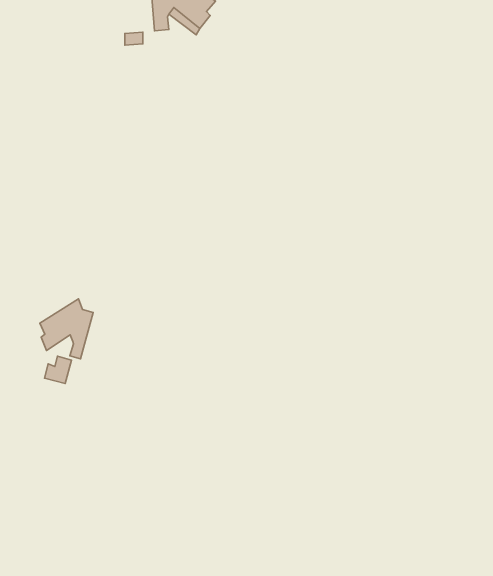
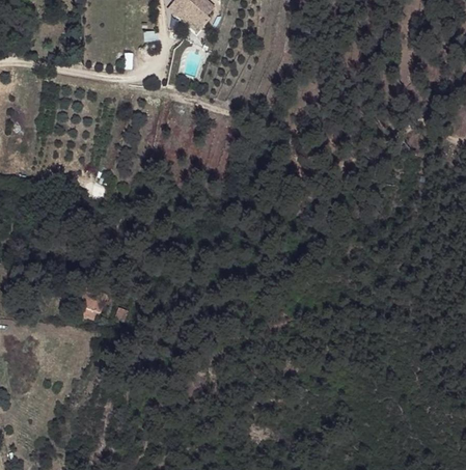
building: [40,299,93,359] -> none

